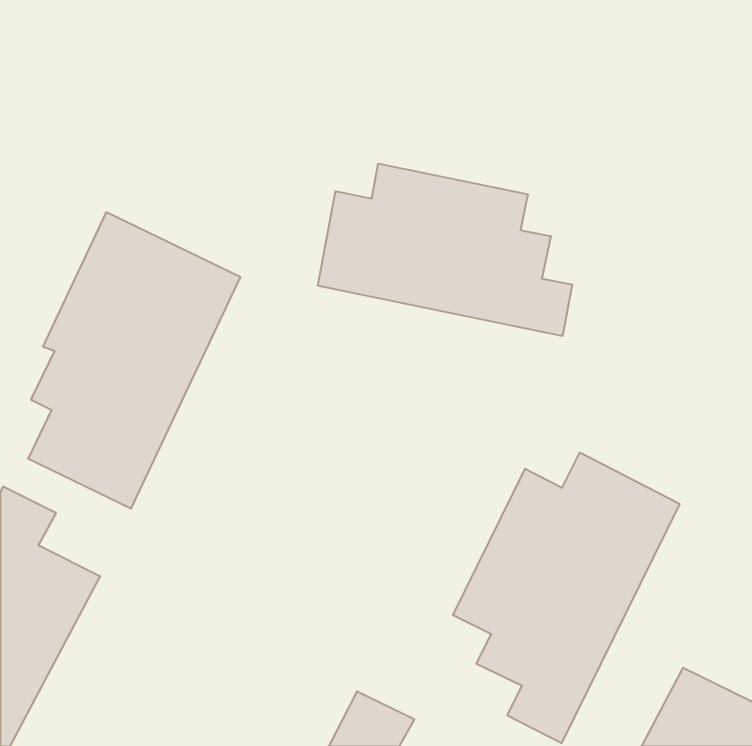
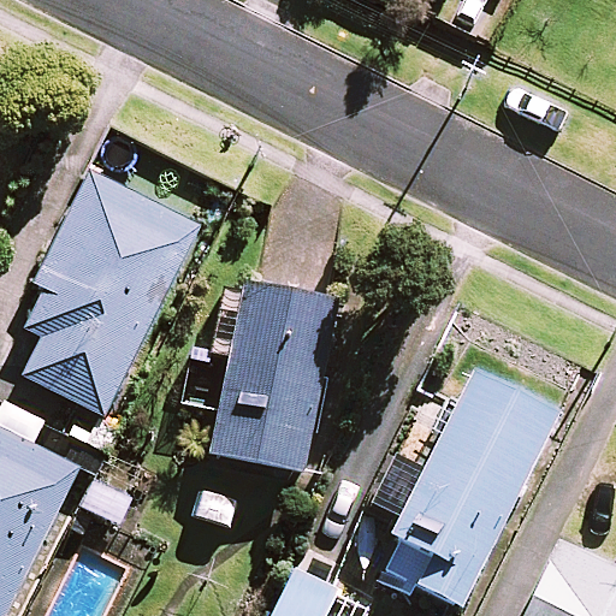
building: [318,164,572,336] -> none
building: none -> [179,284,336,472]

